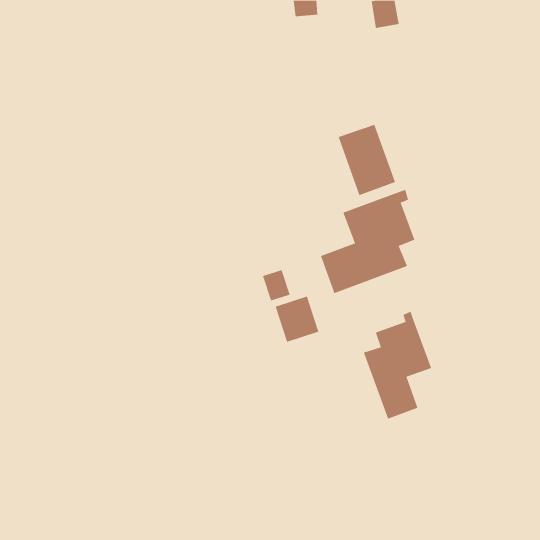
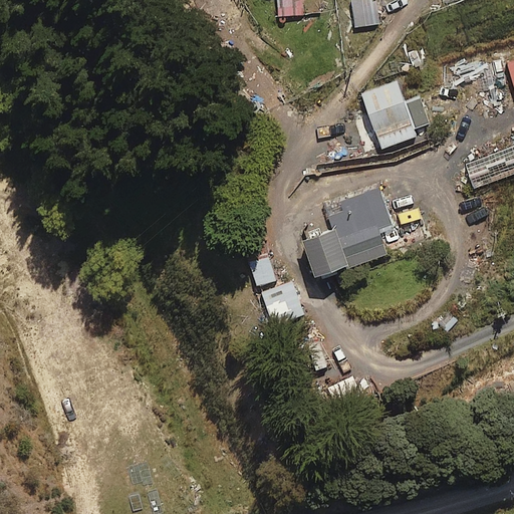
building: [338,124,396,196] -> [361,81,417,150]
building: [363,311,432,419] -> none

